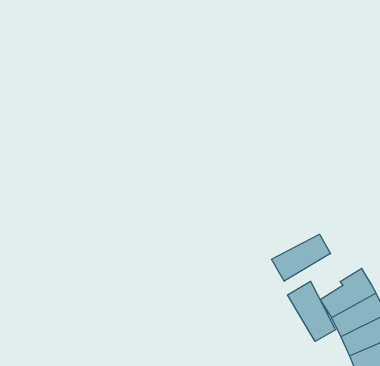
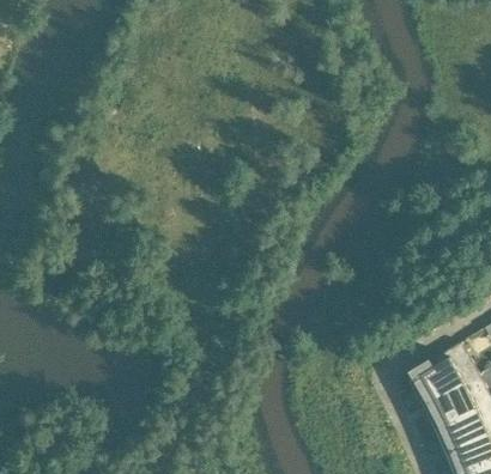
building: [271,234,331,281] -> none
building: [287,281,336,341] -> none

